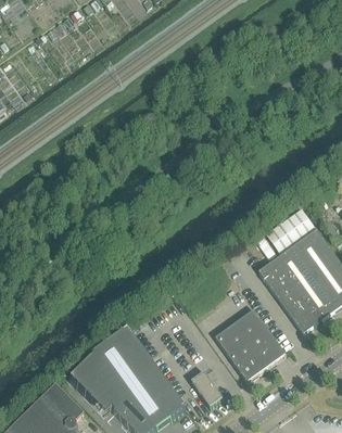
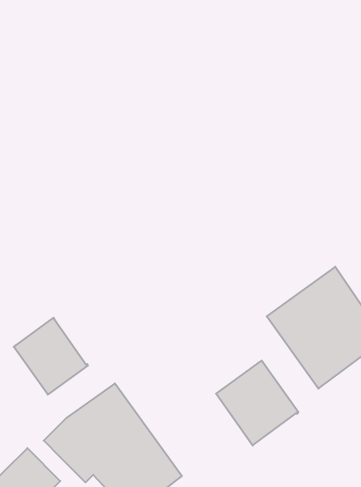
building: none -> [14,318,88,395]
building: [191,372,223,407] -> none

